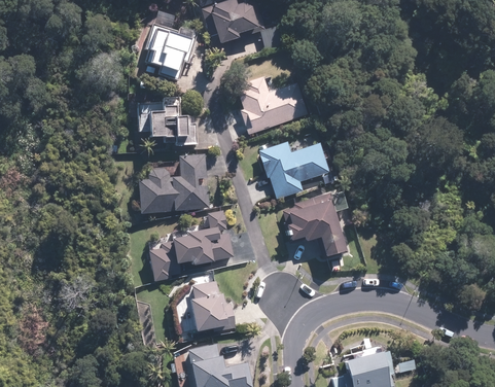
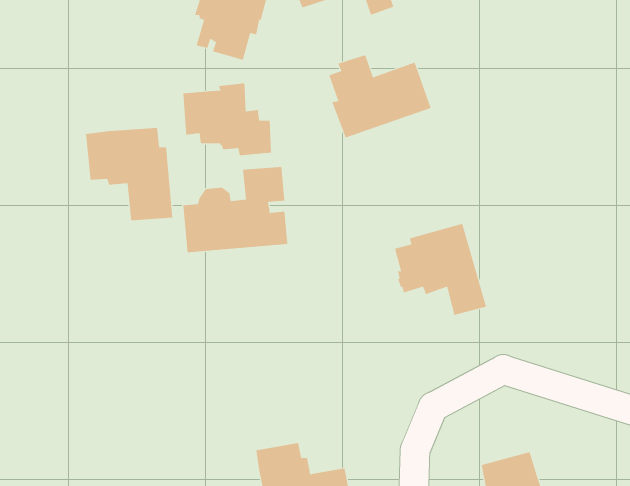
building: none -> [85,127,173,221]
building: [258,141,330,200] -> none
building: [148,211,235,282] -> none
building: [189,281,237,332] -> none

